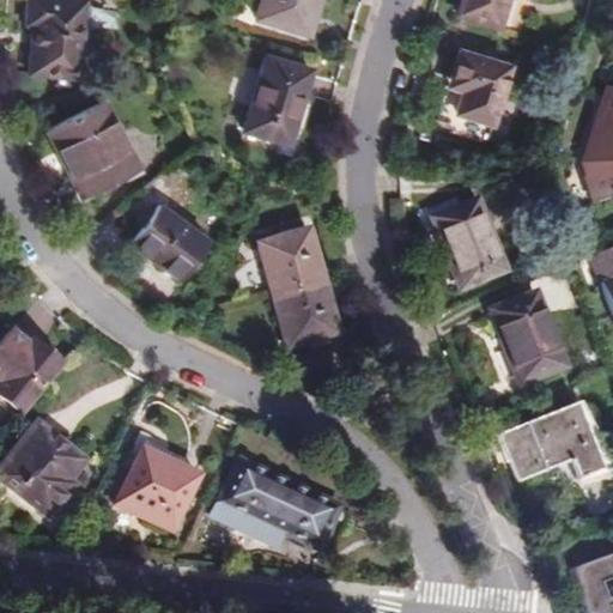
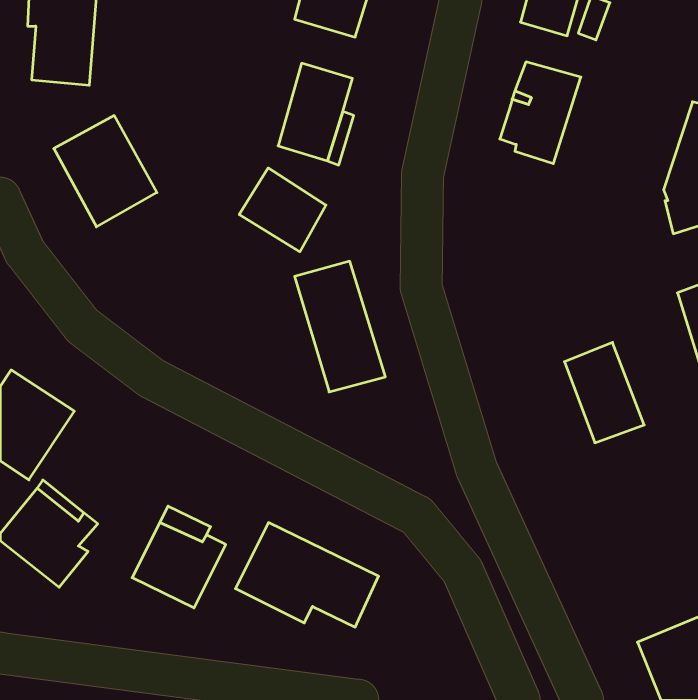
building: [431,204,503,292] -> none
building: [135,205,211,278] -> [239,168,326,252]
building: [497,409,595,487] -> none

